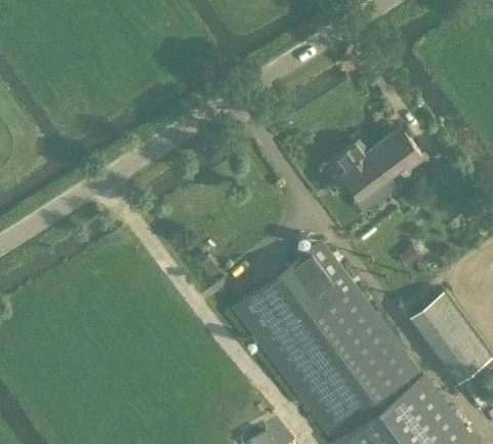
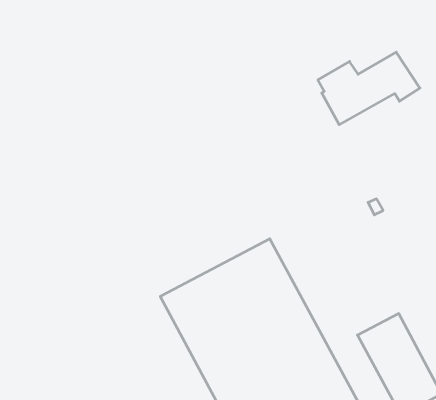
building: [332,129,423,201] -> [318,52,420,125]

